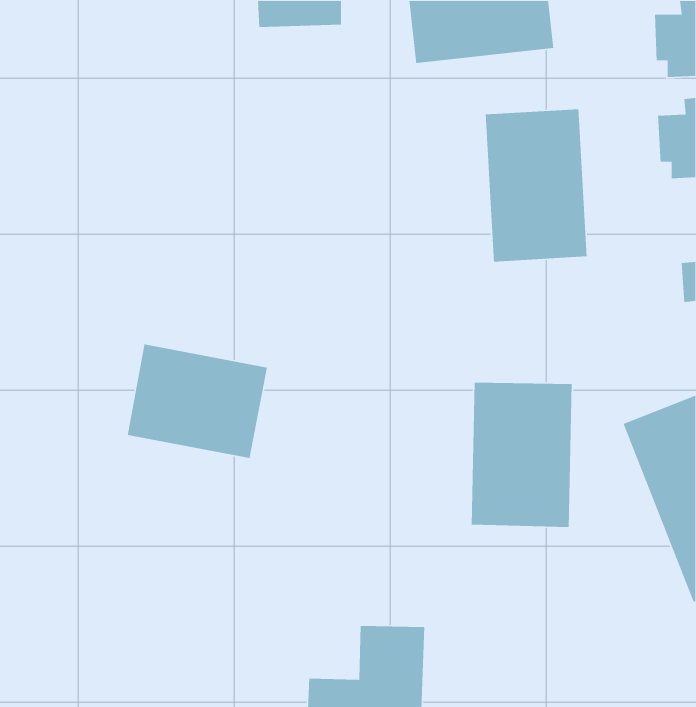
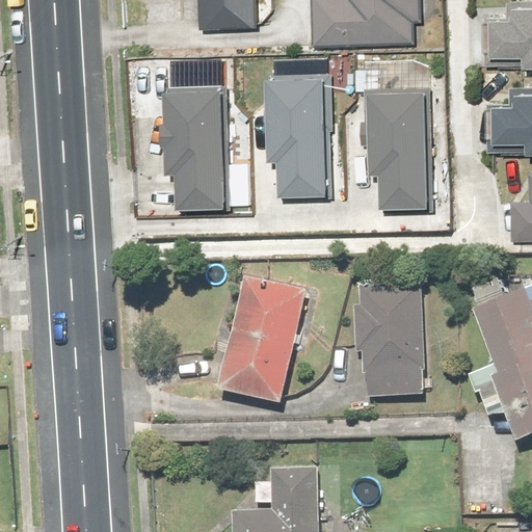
building: none -> [269,71,327,189]
building: none -> [178,77,230,209]
building: [127,344,268,459] -> none
building: none -> [220,284,312,406]

